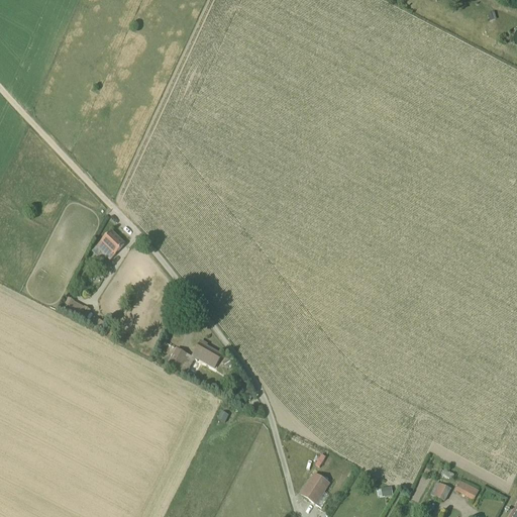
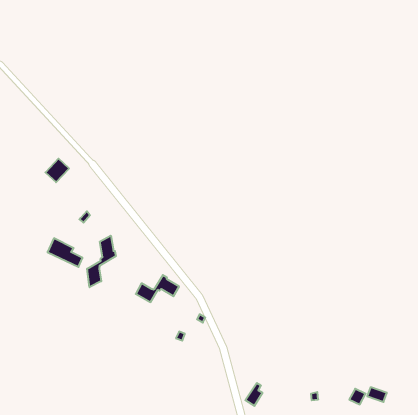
building: [95,229,124,258] -> [45,159,69,182]
building: none -> [87,236,116,287]

